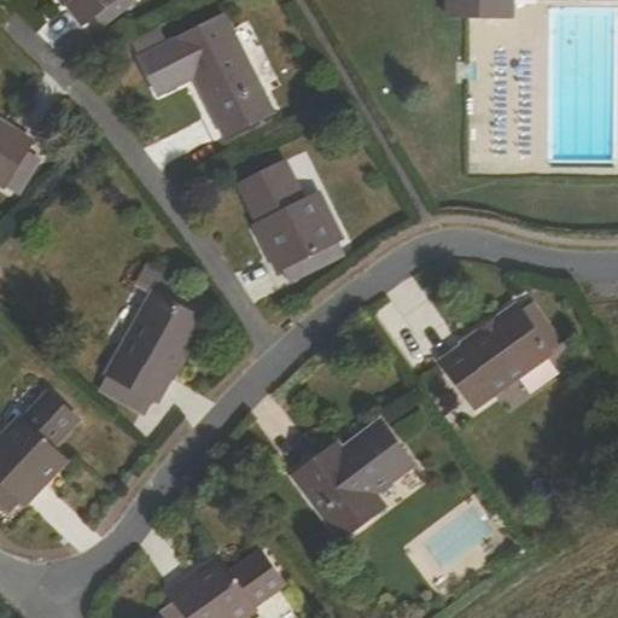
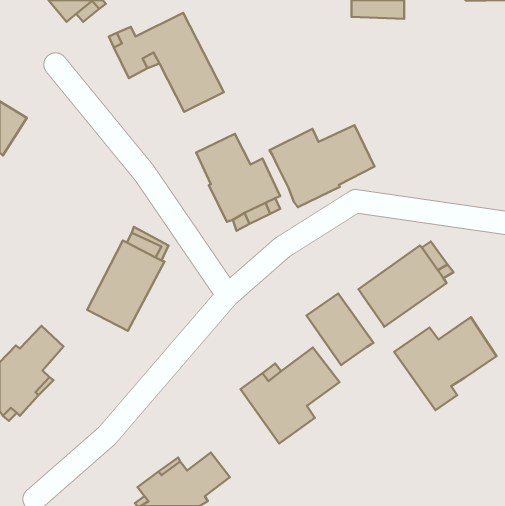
building: none -> [270,125,375,207]
building: none -> [306,293,374,365]
building: none -> [394,317,496,410]

